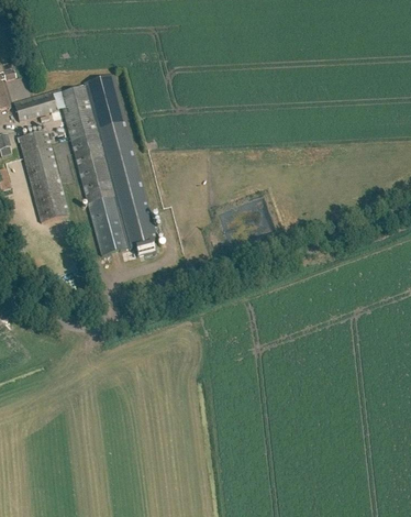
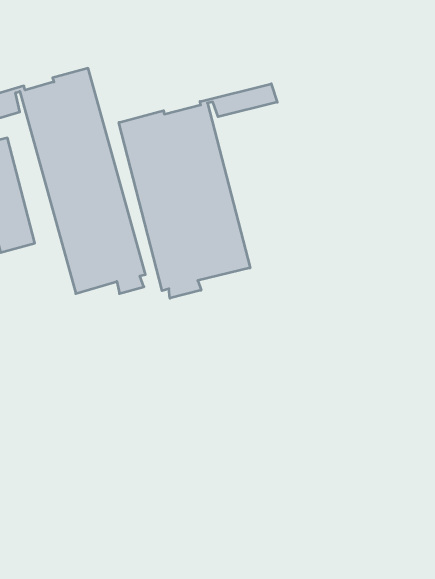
building: none -> [119,84,277,298]

